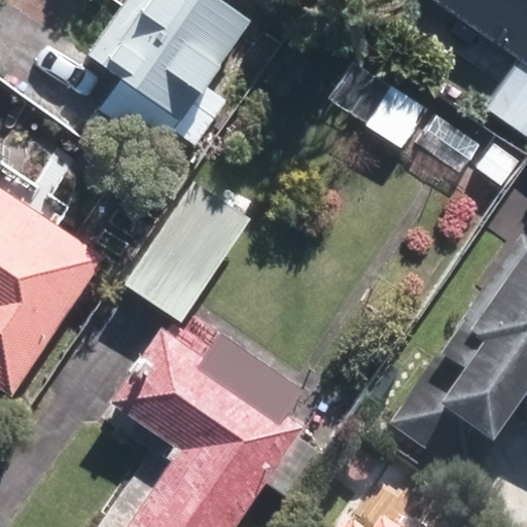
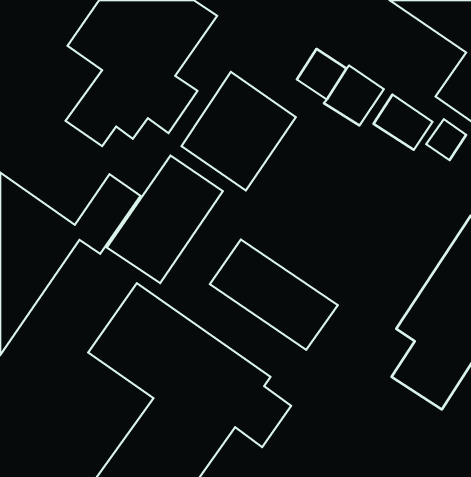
building: none -> [181,72,296,190]
building: none -> [210,239,338,350]

